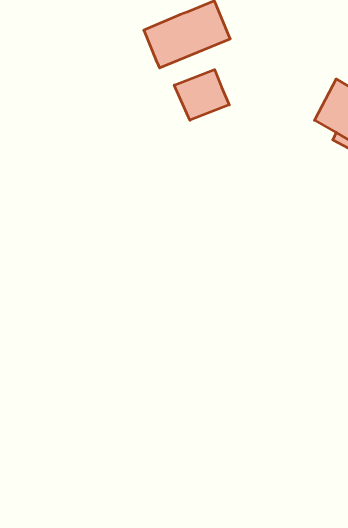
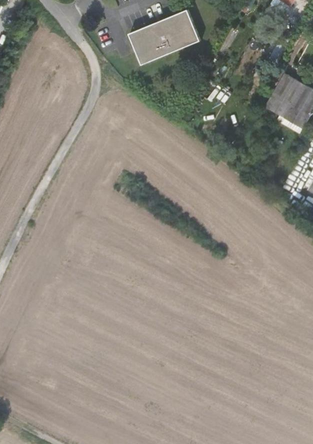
building: [174,70,229,120] -> none

